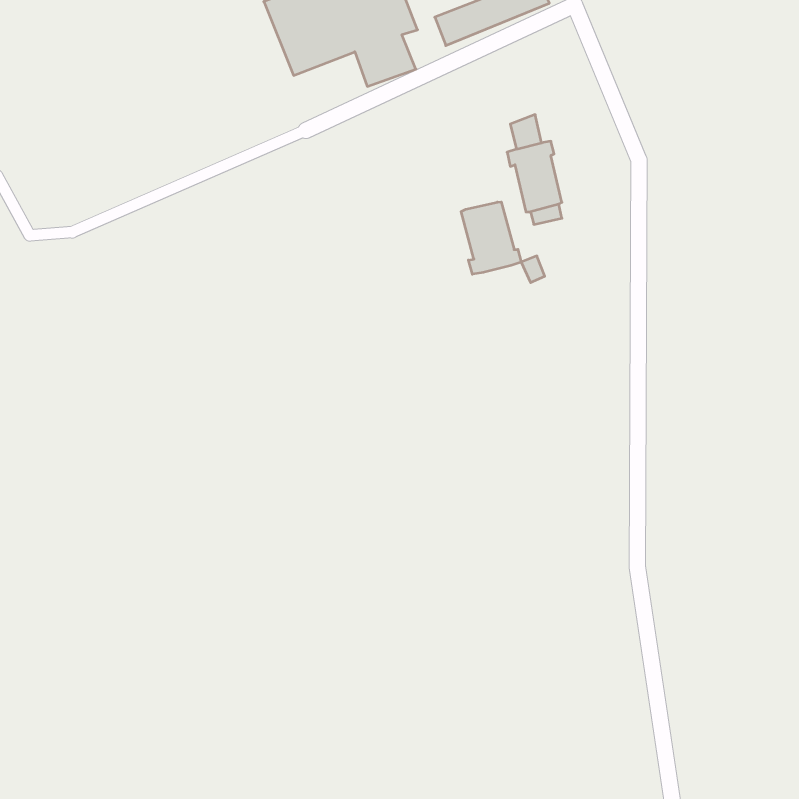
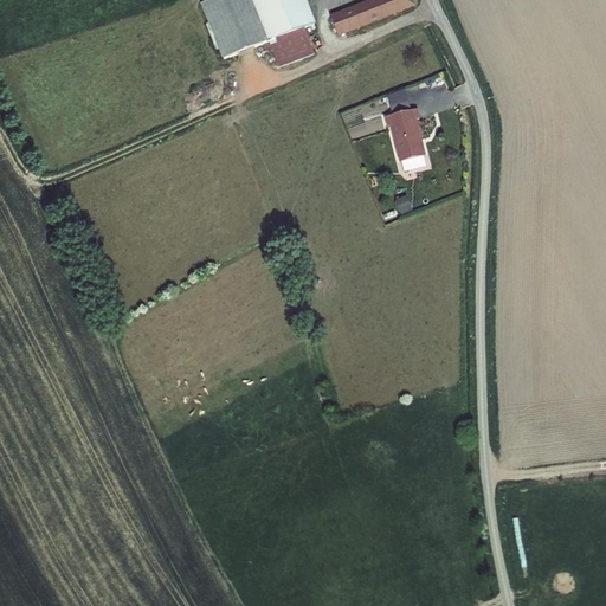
building: [461,202,521,274] -> none

